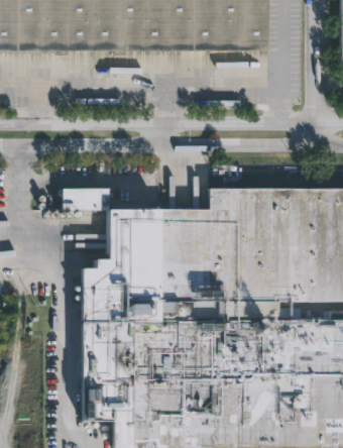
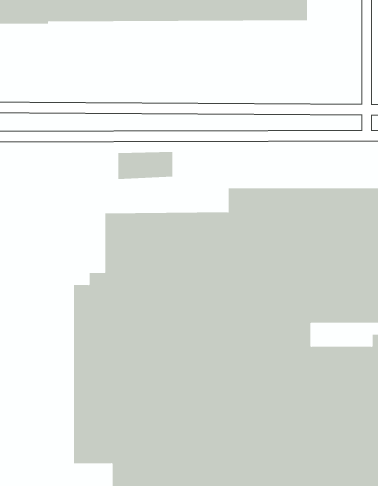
building: [60,186,106,209] -> [118,152,173,179]

